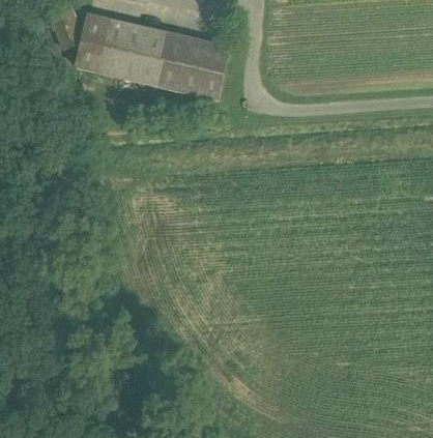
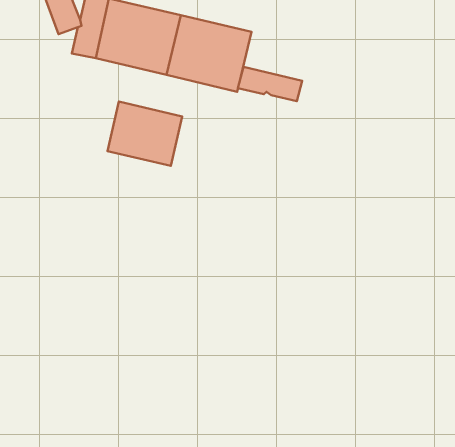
building: none -> [238,67,302,101]
building: none -> [108,102,182,166]

